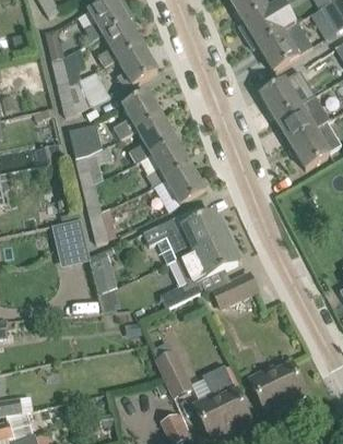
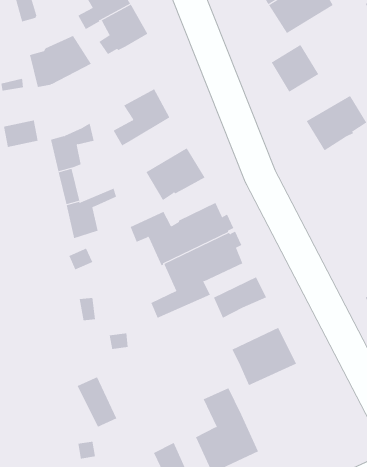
building: [51,50,82,87] -> none
building: [113,91,163,140] -> none
building: [275,94,330,143] -> none
building: [69,123,102,158] -> none
building: [143,140,190,185] -> none
building: [50,218,90,267] -> none
building: [155,352,189,395] -> [77,377,117,428]
building: [251,362,306,411] -> [232,327,297,386]

